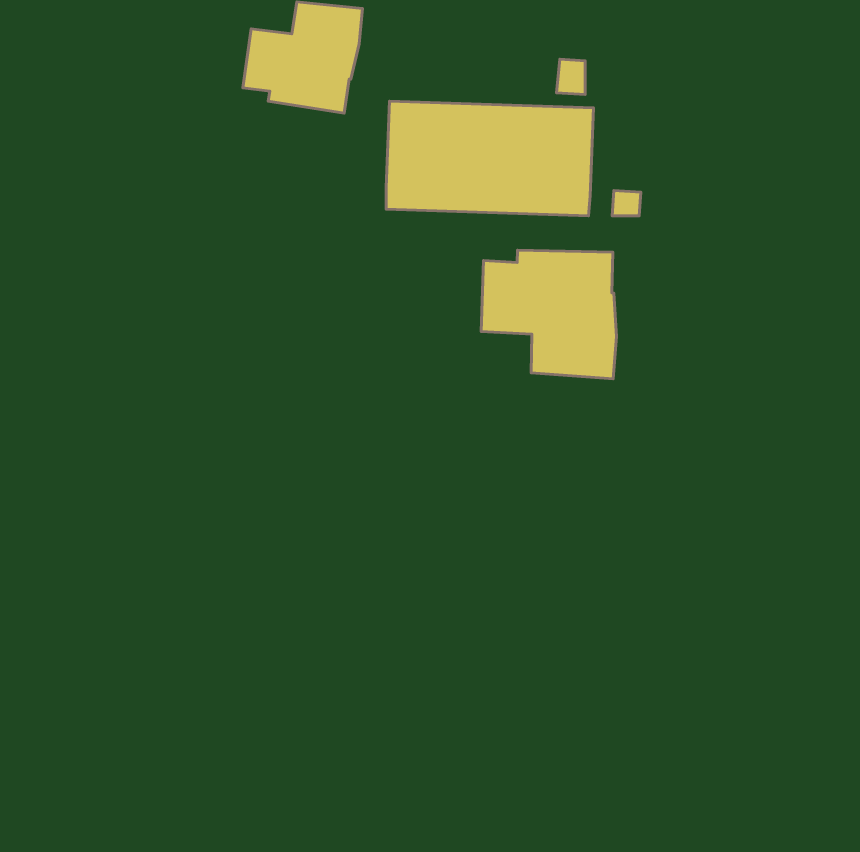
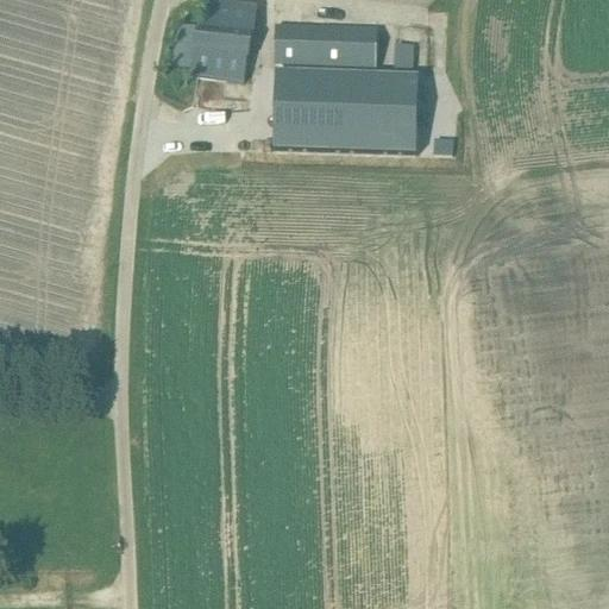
building: none -> [274,24,377,67]
building: [481,250,617,379] -> none

